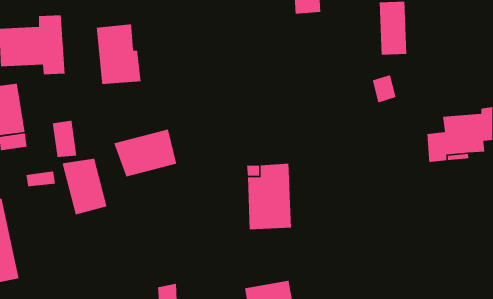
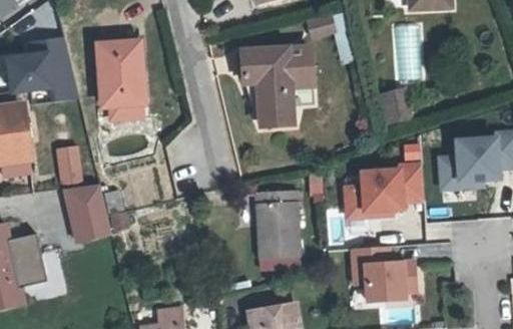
building: none -> [241,44,313,123]
building: [113,129,177,177] -> none
building: none -> [345,166,424,219]
building: none -> [7,236,45,290]
building: none -> [353,247,418,304]

